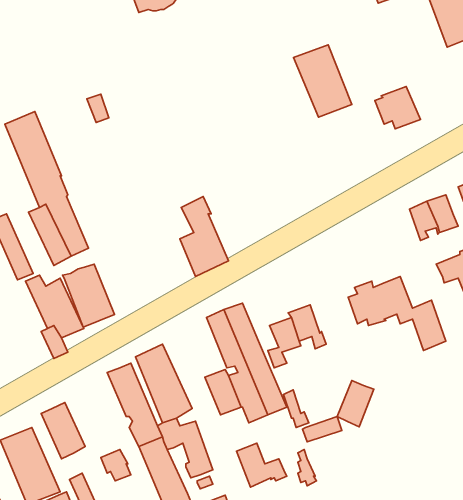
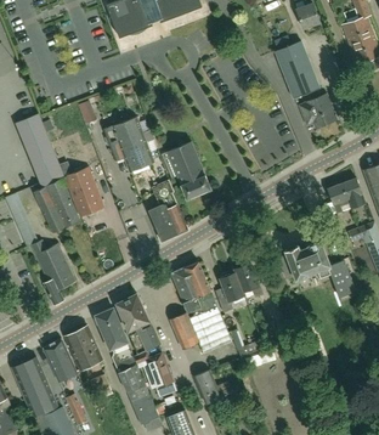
building: [293,45,352,117] -> [273,41,318,97]
building: none -> [103,115,153,170]
building: none -> [164,141,210,198]
building: [63,264,114,327] -> [63,166,103,215]
building: [337,380,374,427] -> none
building: none -> [64,326,102,369]

